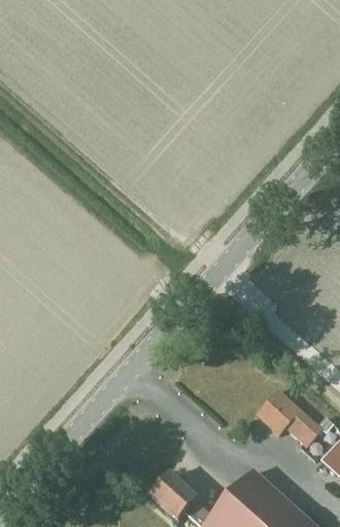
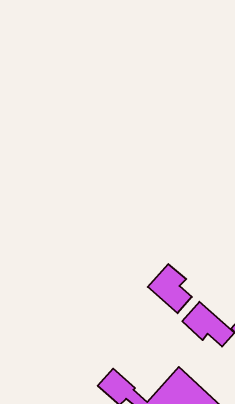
building: none -> [148,264,192,313]

